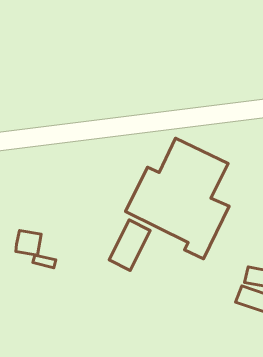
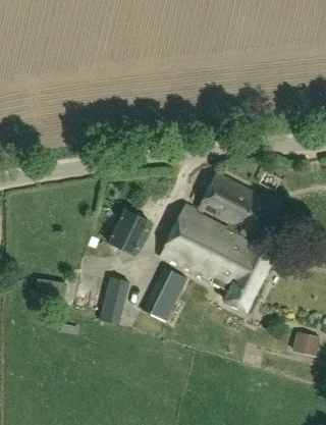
building: none -> [108,208,151,255]
building: none -> [100,276,128,324]

